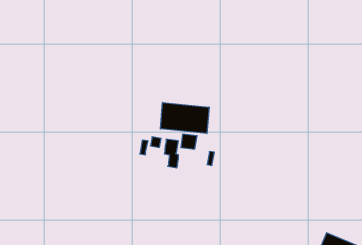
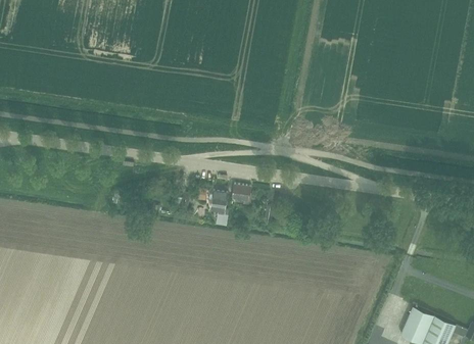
building: [160,102,209,134] -> none

